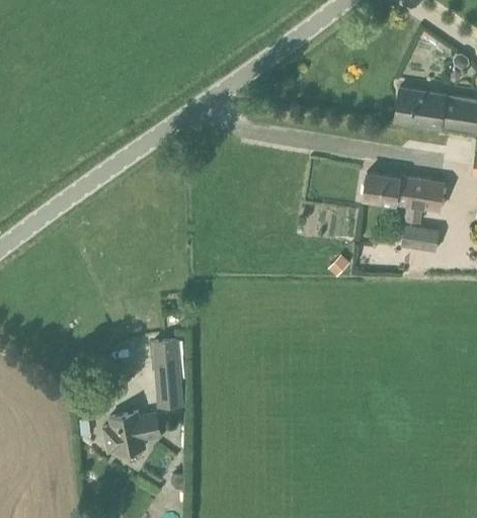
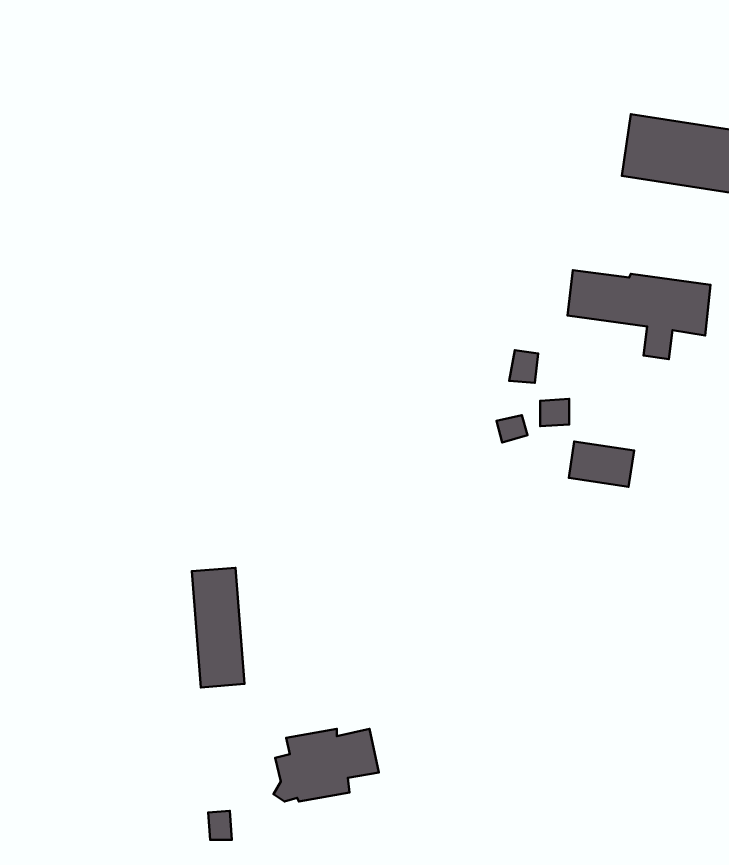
building: [402,226,439,251] -> [569,442,634,487]
building: [103,413,162,453] -> [273,729,379,801]

